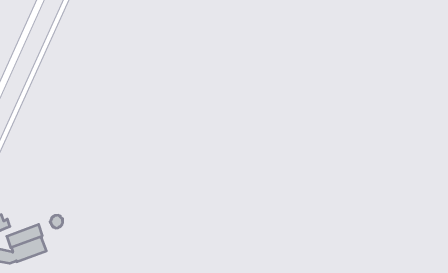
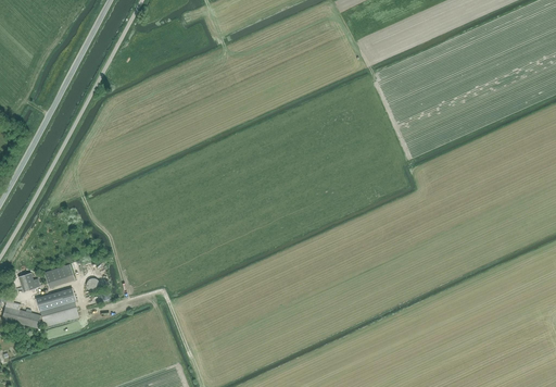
building: none -> [43,265,74,289]

